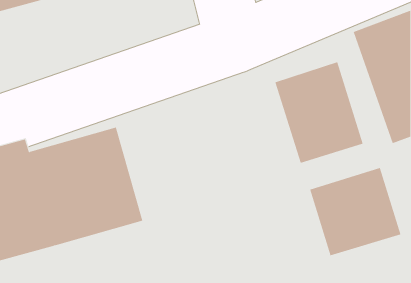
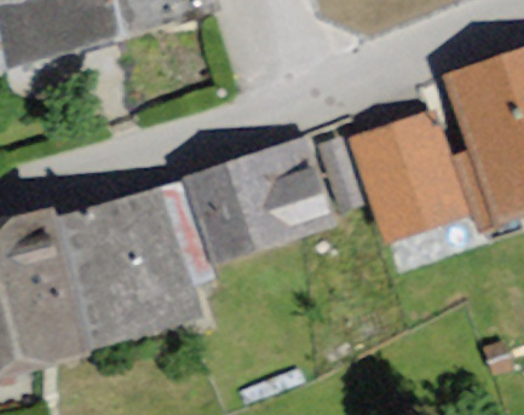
building: none -> [185,139,323,257]
building: [309,167,401,256] -> none

